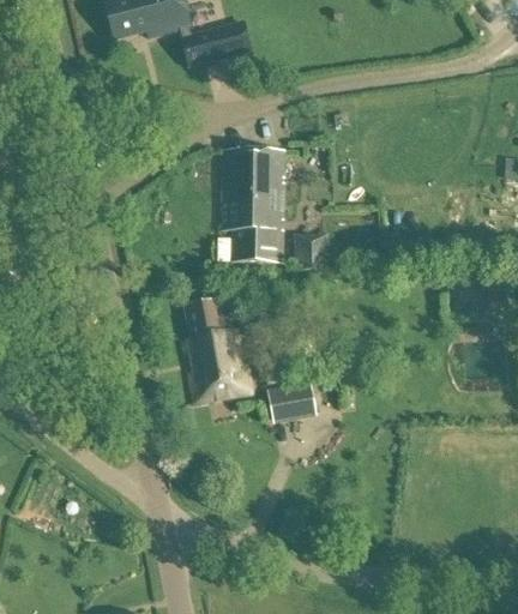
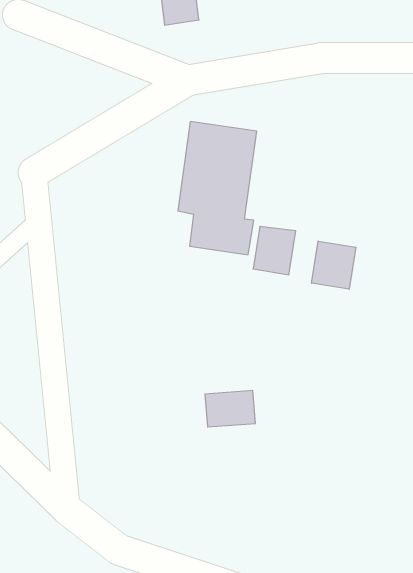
building: none -> [312,241,356,289]
building: [180,300,246,404] -> none

